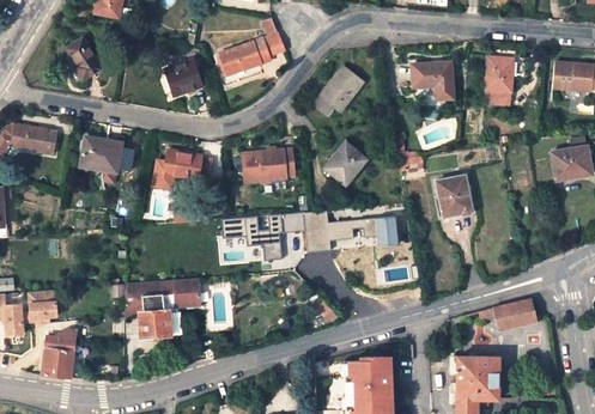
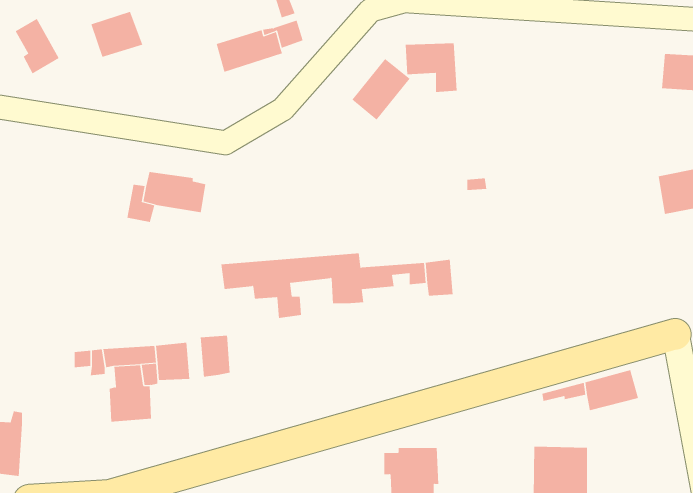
building: [484,59,512,108] -> none
building: [164,61,204,96] -> [91,11,143,58]
building: [413,63,453,101] -> [405,43,458,92]
building: [81,135,122,172] -> none
building: [327,145,368,187] -> none
building: [241,151,295,183] -> none
building: [437,176,473,219] -> none
building: none -> [200,335,230,378]

